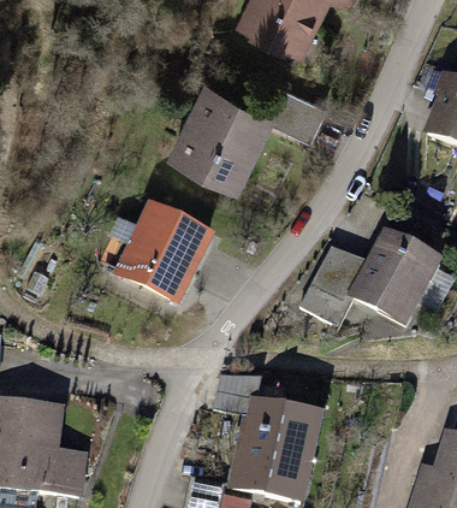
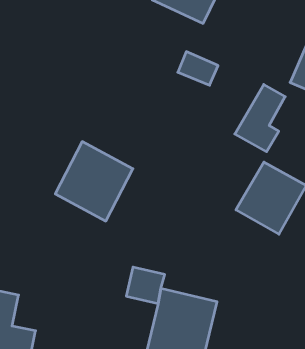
building: [174,84,271,187] -> none
building: [290,244,355,331] -> [235,84,285,152]

